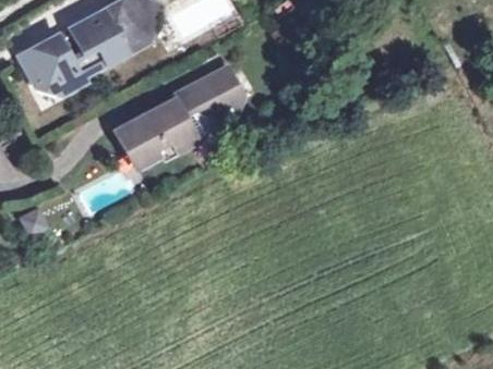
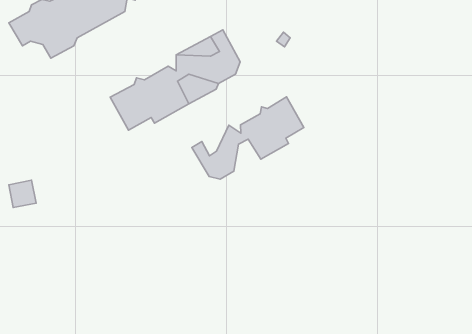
building: none -> [192,97,304,179]

